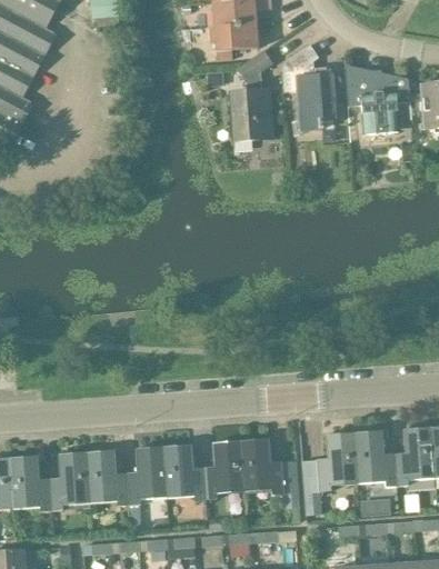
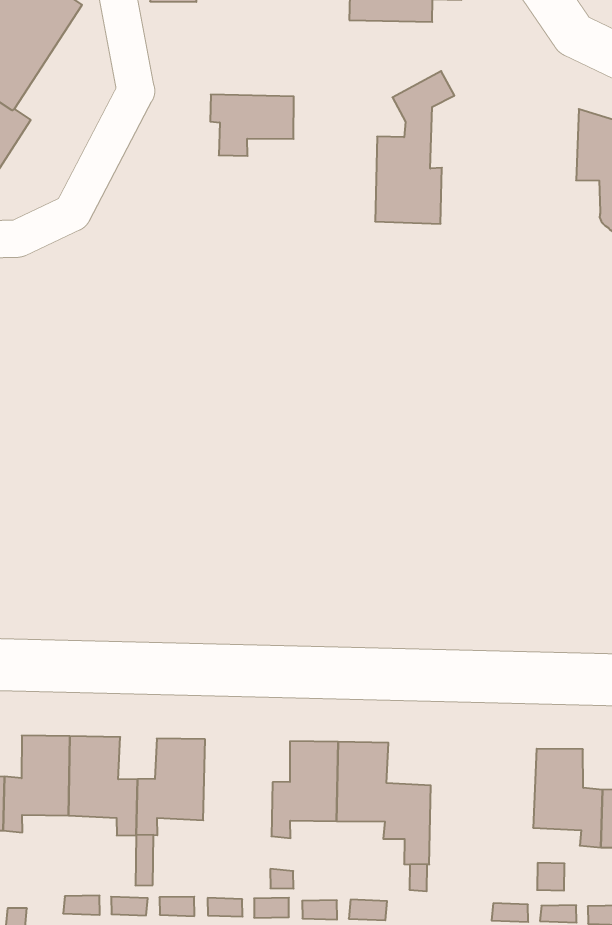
building: [209,22,259,60] -> [210,95,294,156]
building: [283,44,335,130] -> none
building: [302,435,358,515] -> none
building: [164,445,208,500] -> none

